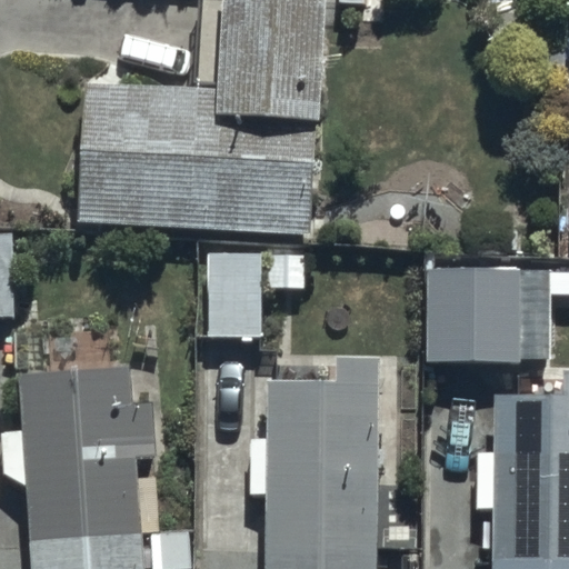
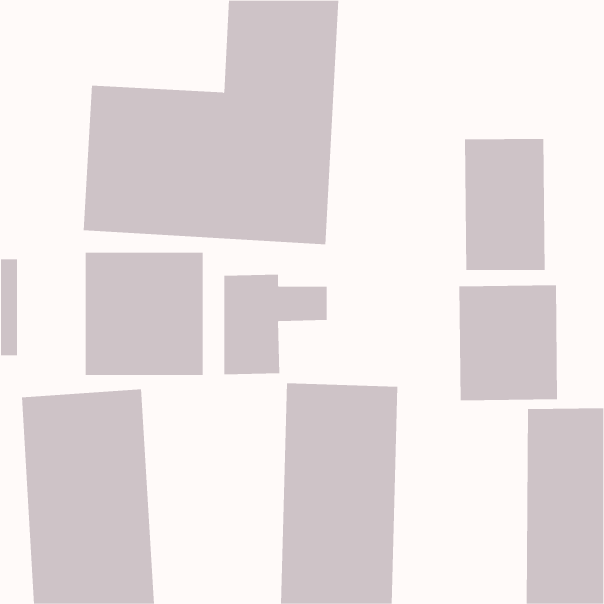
building: none -> [465,138,545,271]
building: none -> [85,252,203,376]

